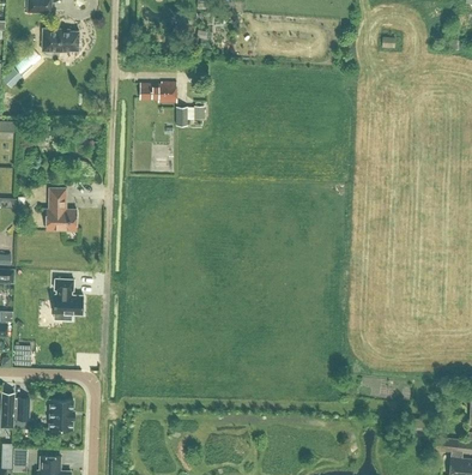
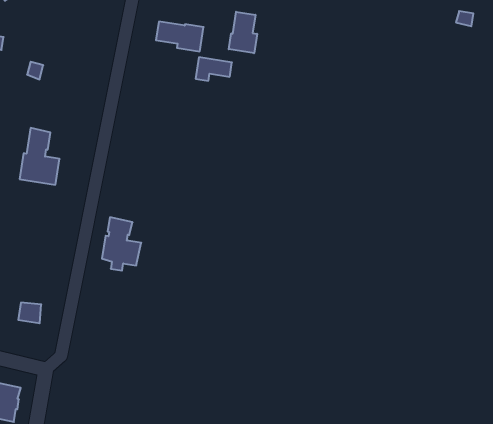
building: none -> [229,12,257,53]
building: [53,278,83,320] -> [102,217,141,271]

